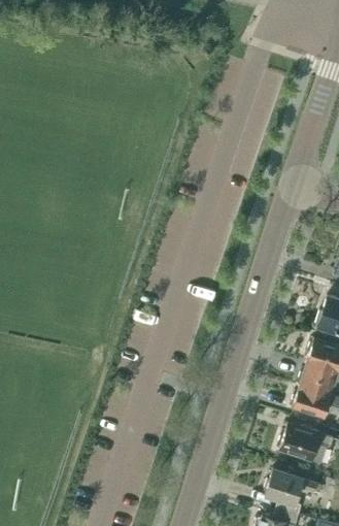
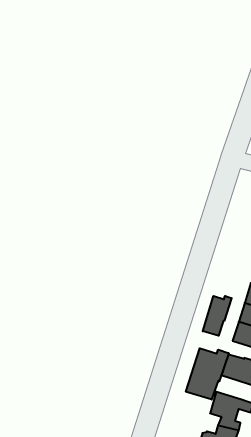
building: none -> [203,296,232,336]
building: none -> [186,348,229,400]

